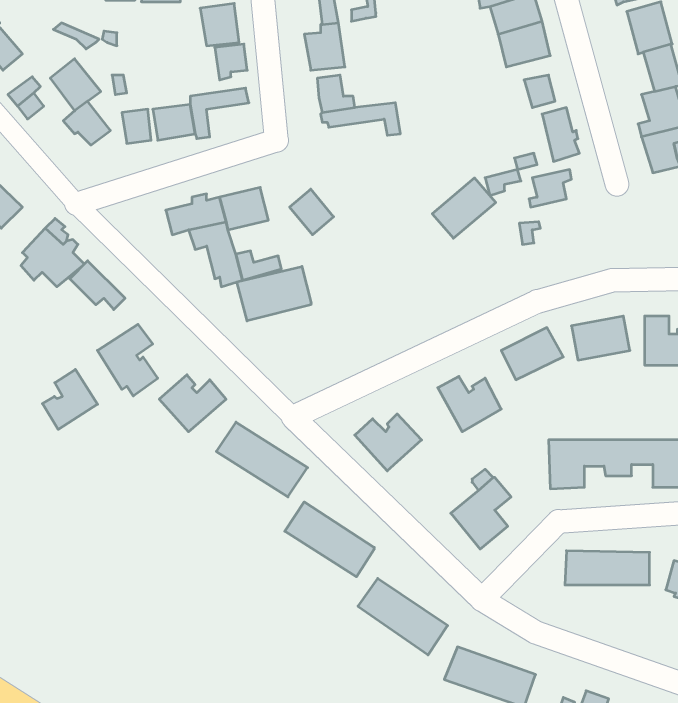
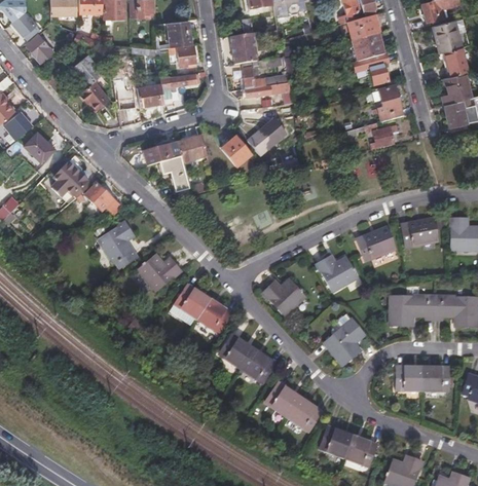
building: [432,178,496,238] -> [248,118,288,156]
building: [237,266,311,321] -> none
building: [42,369,98,429] -> none

